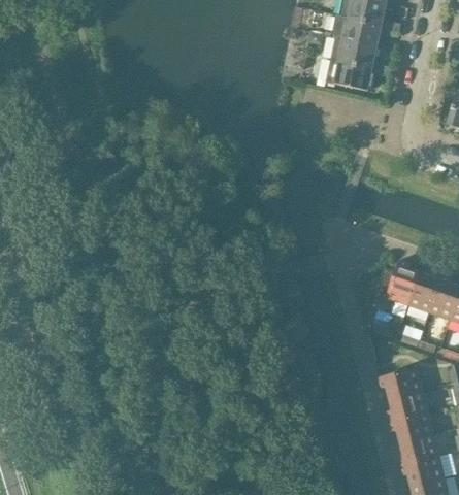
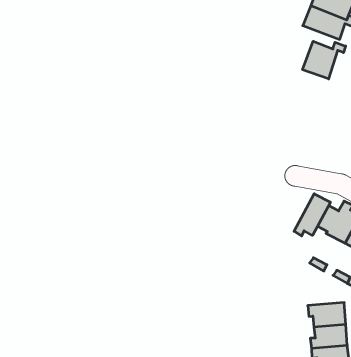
building: none -> [303,41,346,79]
building: none -> [294,194,330,236]

